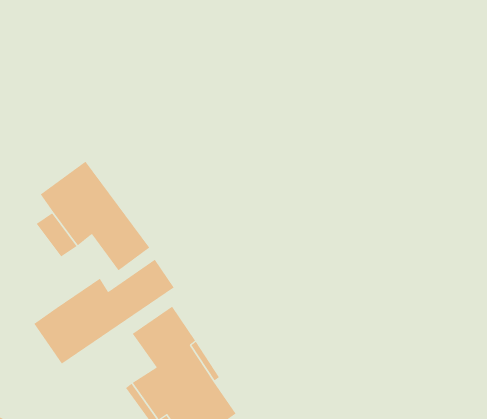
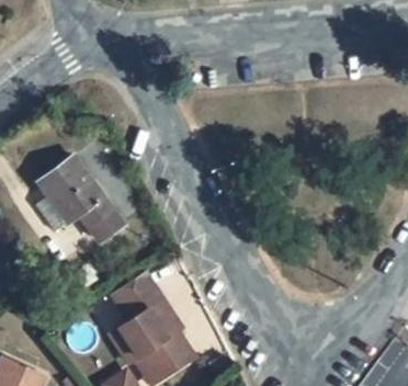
building: [33,259,175,364] -> none

